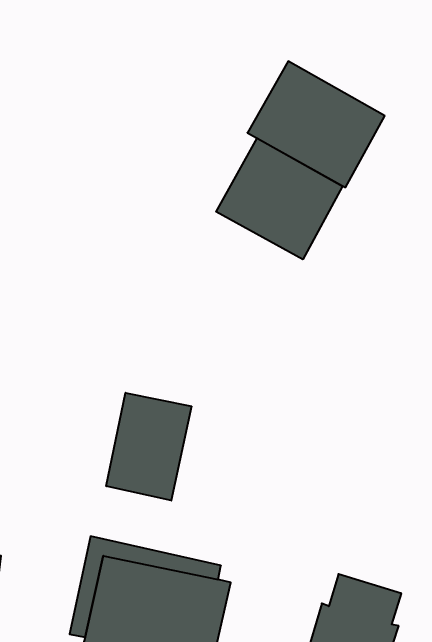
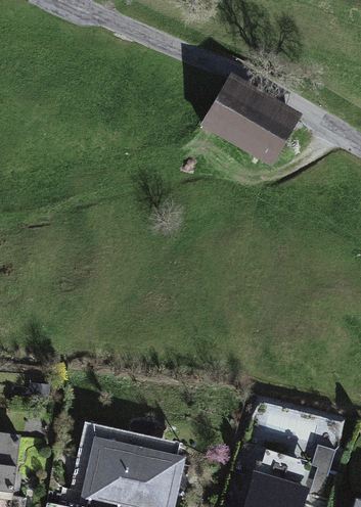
building: [216,138,343,259] -> none
building: [106,393,191,501] -> none

